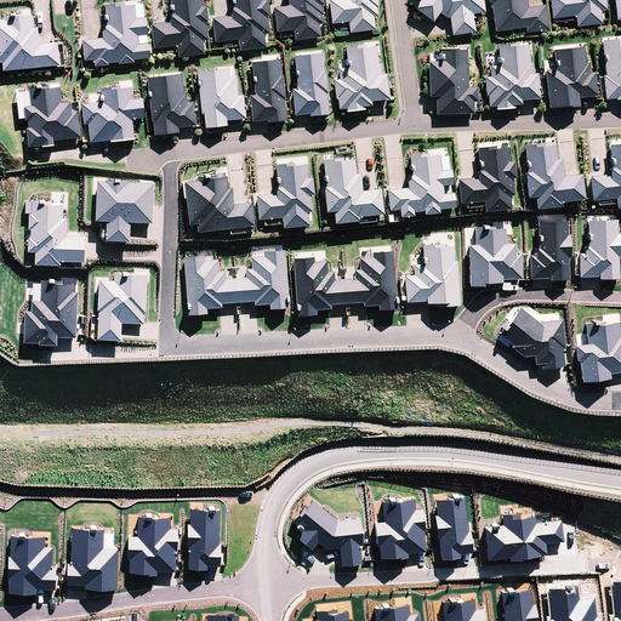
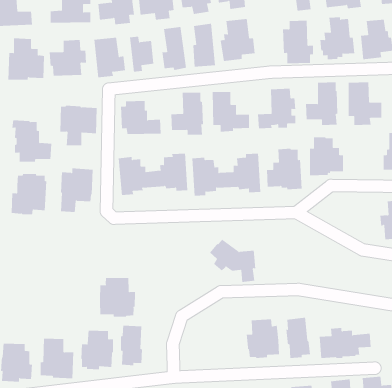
building: [530,220,571,279] -> none
building: [498,306,565,368] -> none
building: none -> [99,277,135,317]
building: [292,498,363,564] -> [209,239,256,283]

